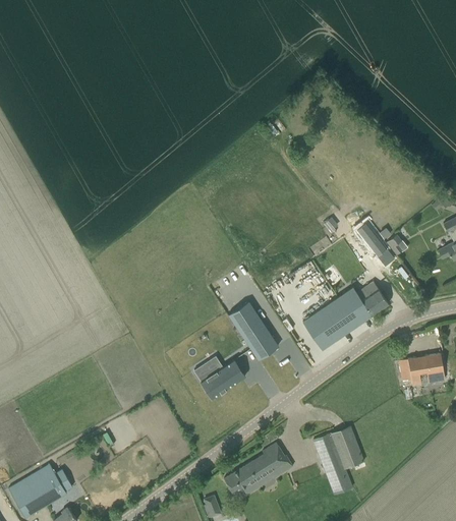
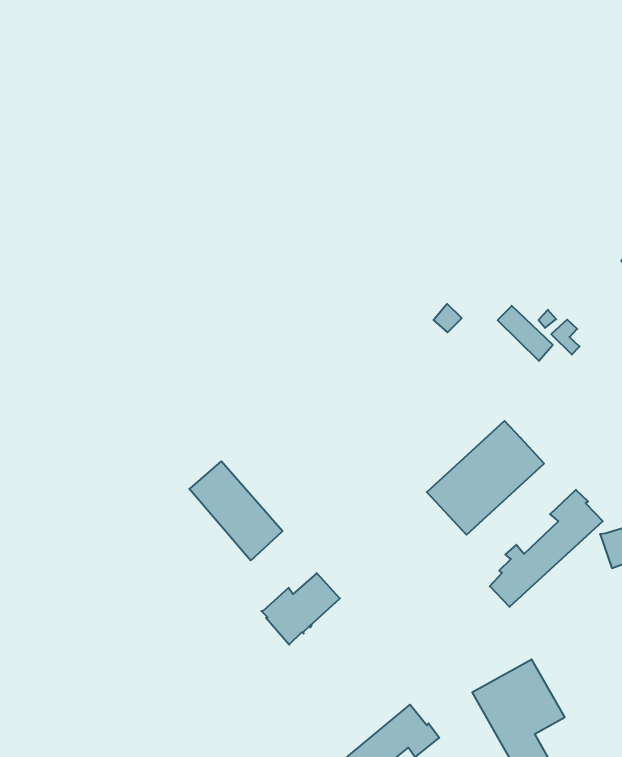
building: [357,282,389,315] -> none
building: [229,302,279,361] -> [189,461,283,560]
building: none -> [490,490,603,607]

